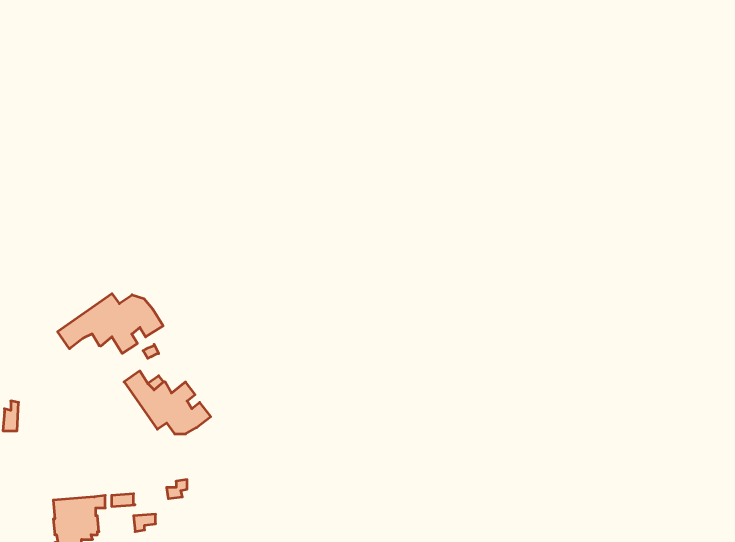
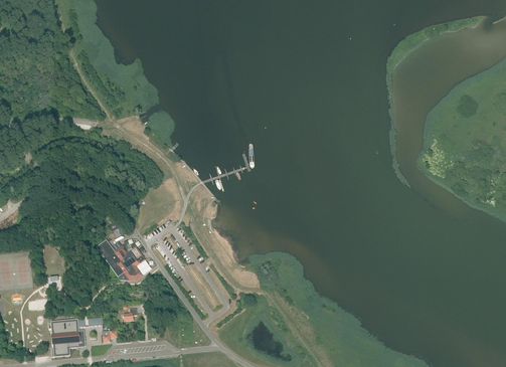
building: [58,294,163,353] -> none

